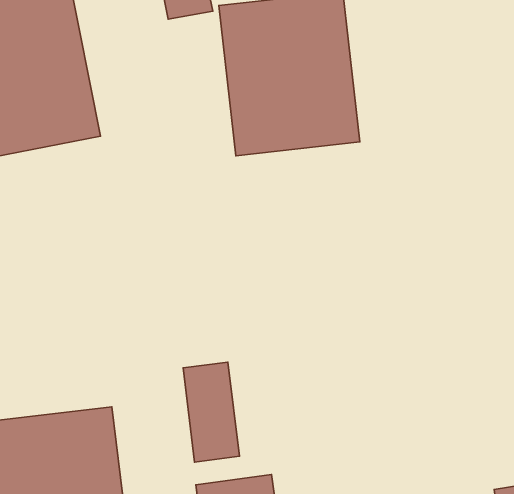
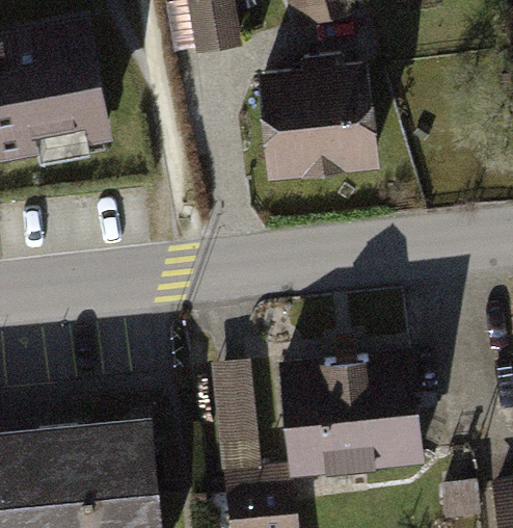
building: none -> [277,351,425,480]

